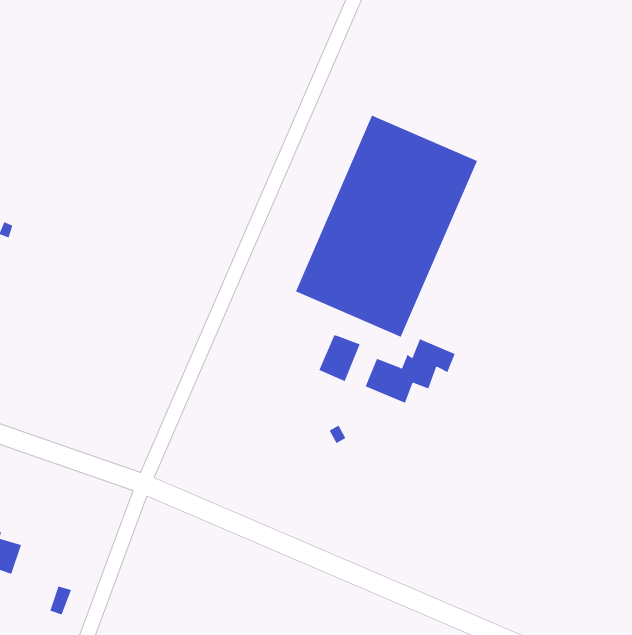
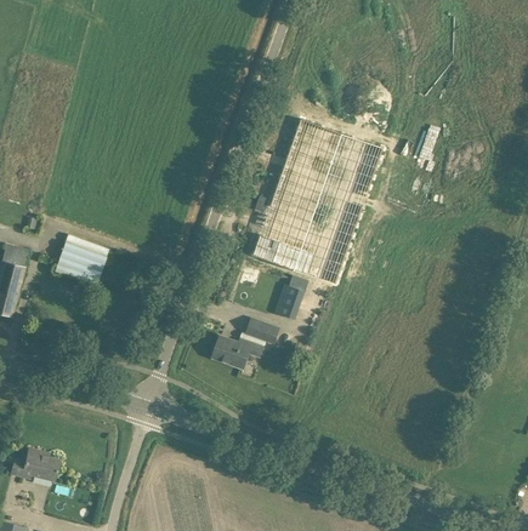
building: none -> [55,234,109,286]
building: [365,339,456,404] -> [212,319,279,369]

